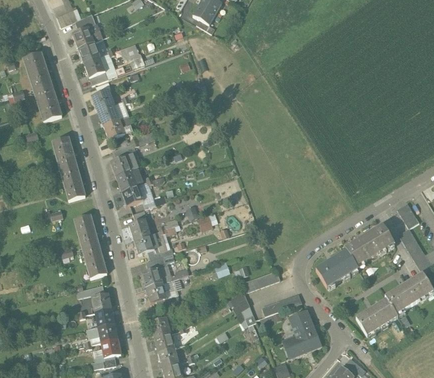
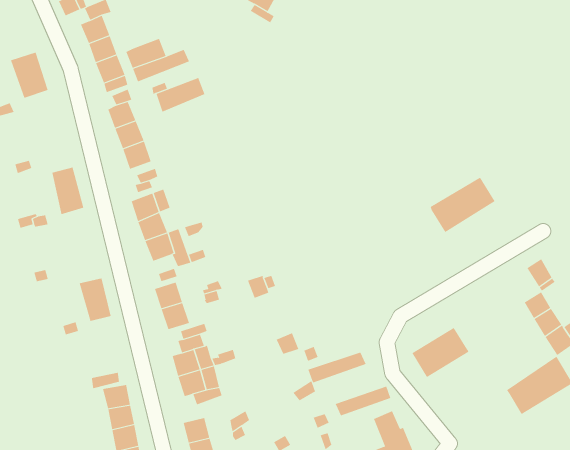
building: none -> [156,77,205,112]
building: [32,79,62,119] -> none
building: [59,165,84,200] -> none
building: [345,227,393,268] -> [430,177,496,233]
building: [80,244,105,278] -> none
building: [355,301,396,337] -> none

